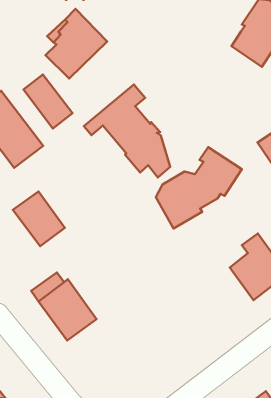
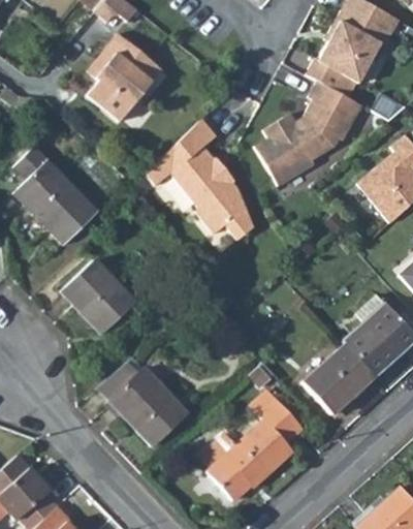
building: [23,75,72,129] -> none
building: [156,147,242,228] -> [257,82,361,187]
building: none -> [301,343,374,414]
building: none -> [197,388,303,502]

